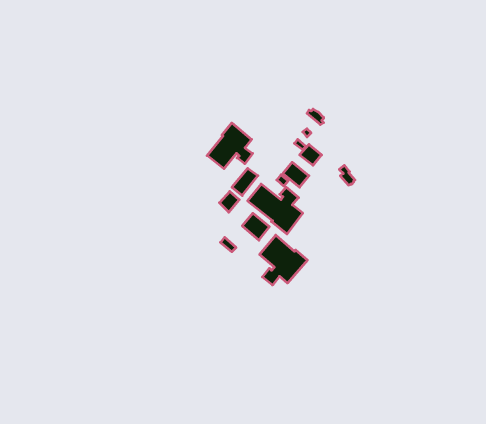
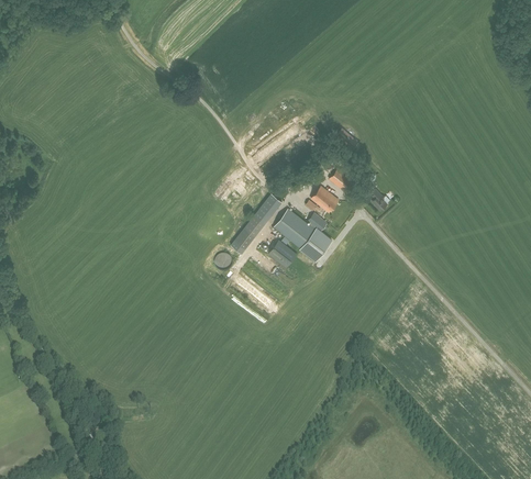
building: [207,123,253,169] -> none
building: [260,235,307,285] -> none

